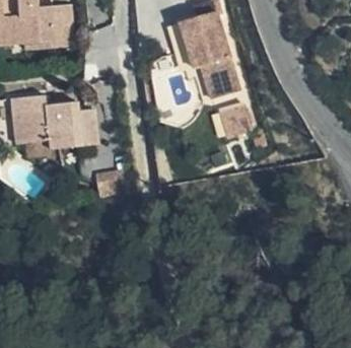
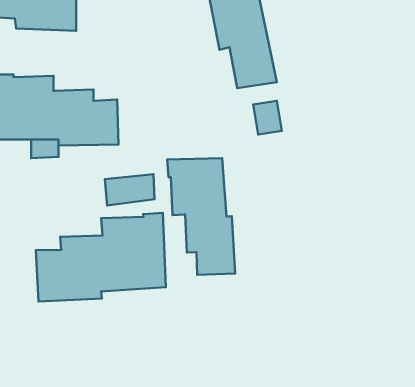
building: none -> [167,158,235,275]
building: none -> [36,213,166,301]

